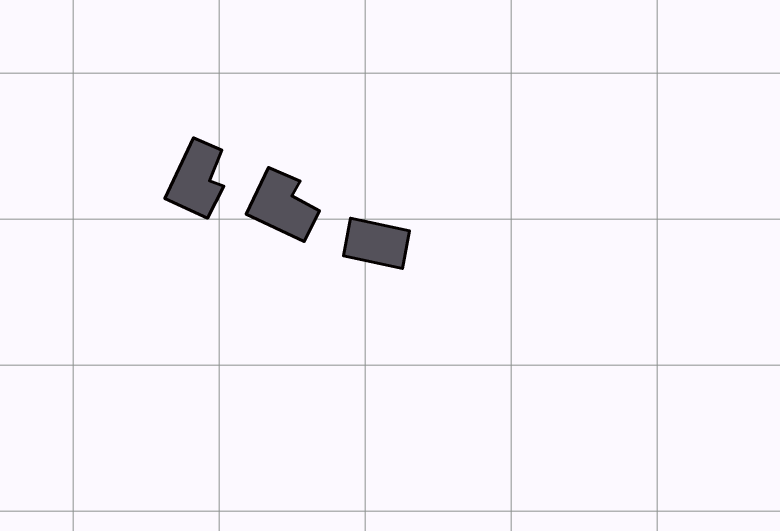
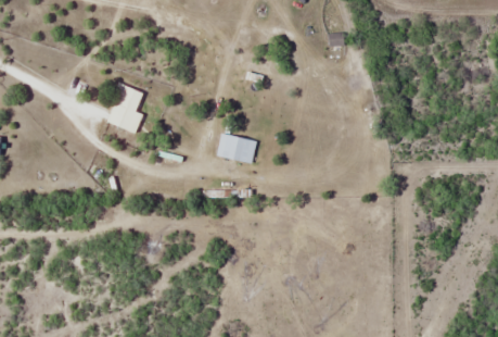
building: [246,168,319,242] -> none

